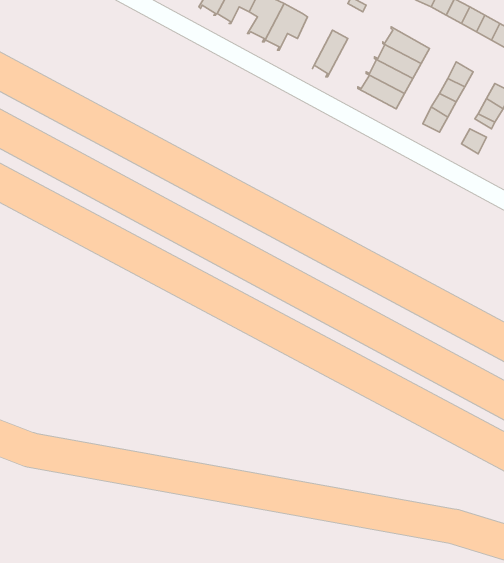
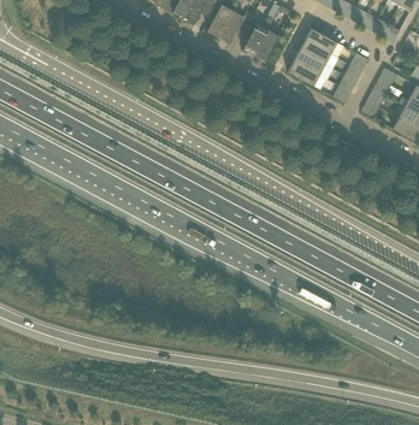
building: none -> [241,16,272,57]

